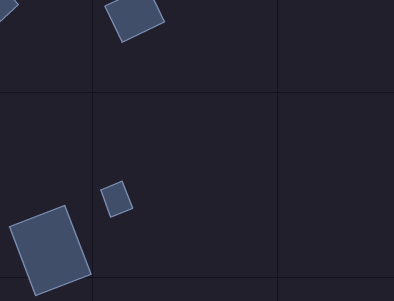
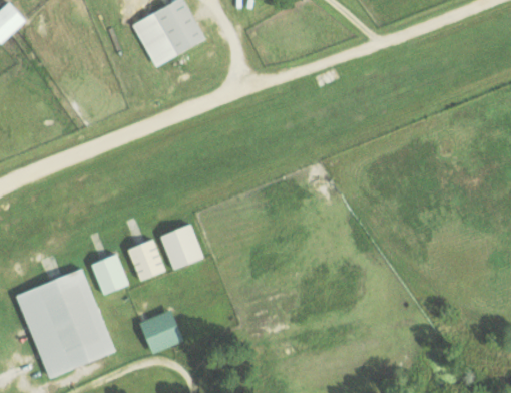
building: none -> [159,223,204,270]
building: none -> [90,253,129,295]
building: none -> [138,310,183,354]

